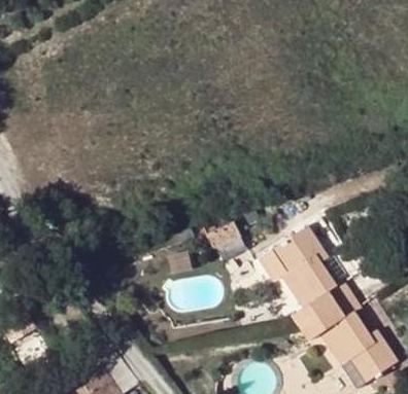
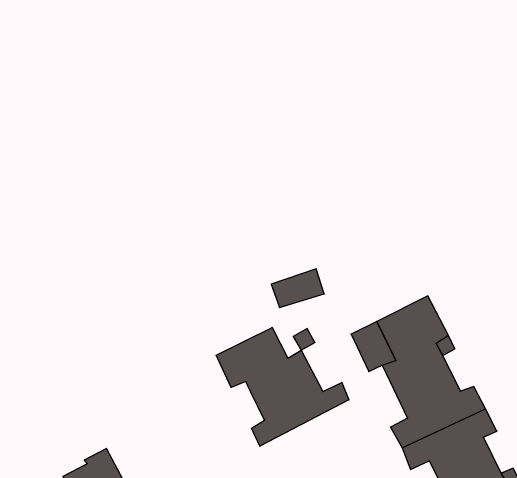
building: none -> [216,327,349,446]

